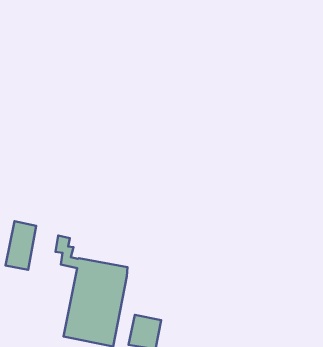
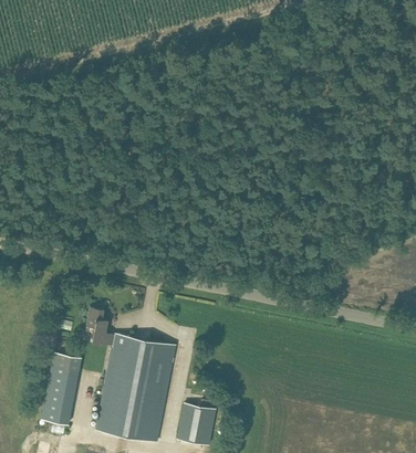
building: [5,221,36,270] -> [41,365,79,424]

